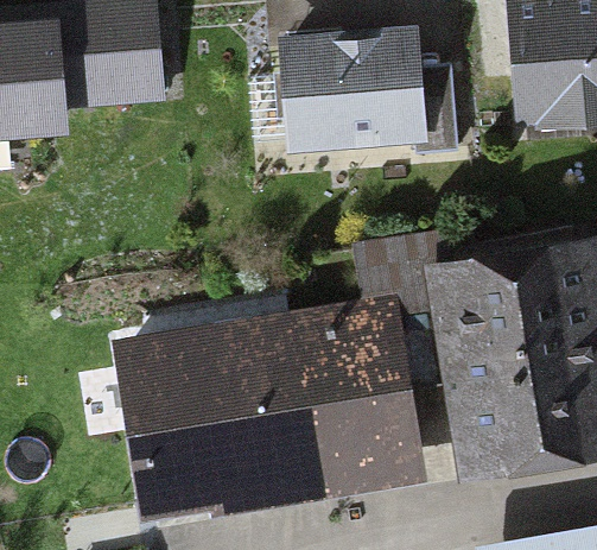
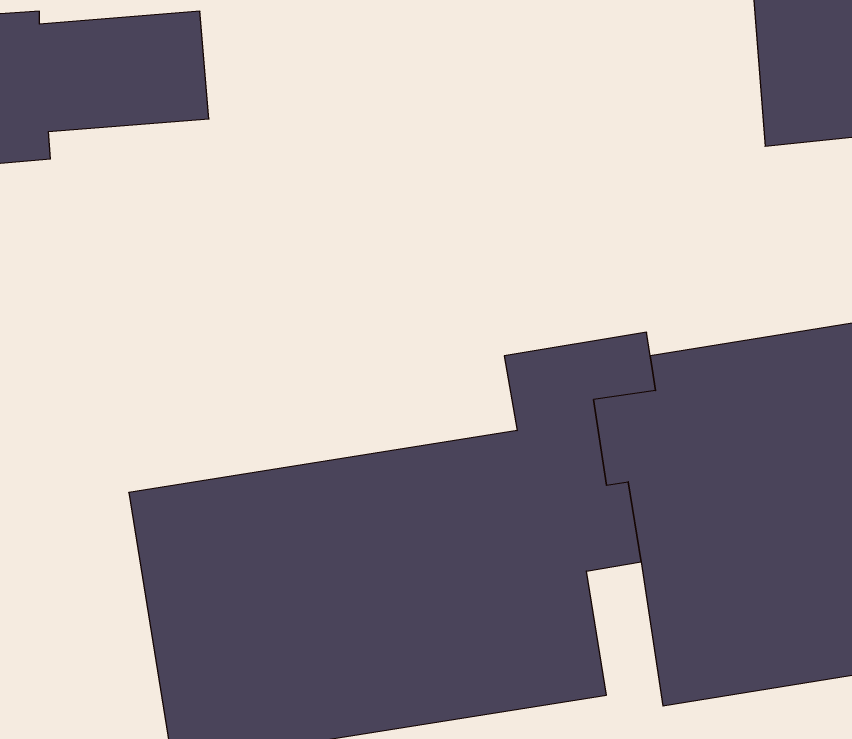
building: [290,34,459,151] -> none

